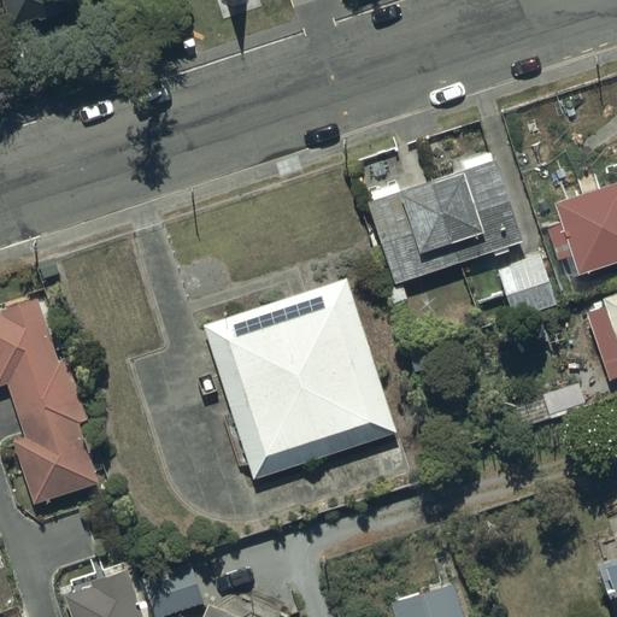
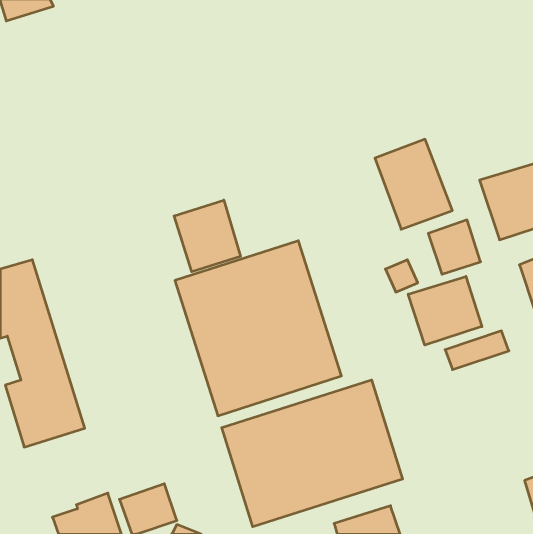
building: [372,182,460,286] -> none
building: none -> [174,200,241,272]
building: none -> [408,276,482,345]
building: none -> [222,380,403,527]

